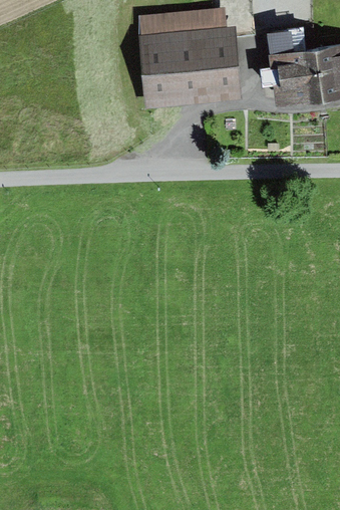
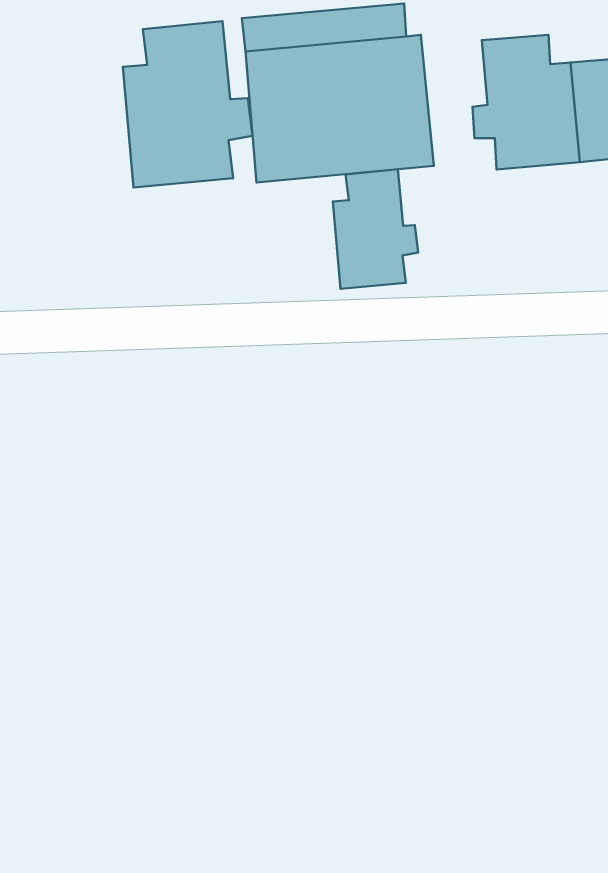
building: none -> [123,21,253,187]
building: none -> [333,169,418,289]

